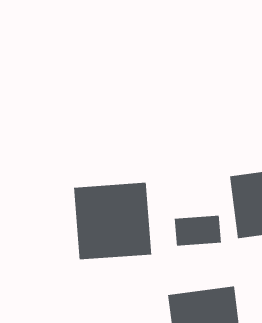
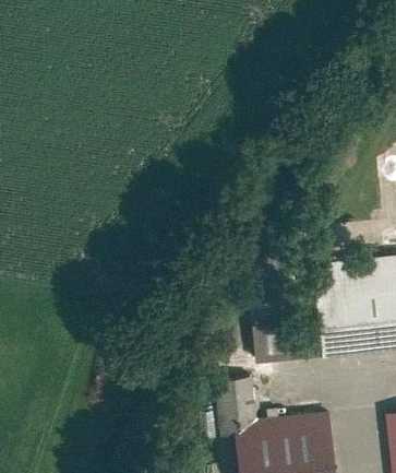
building: [74,182,152,260] -> none

